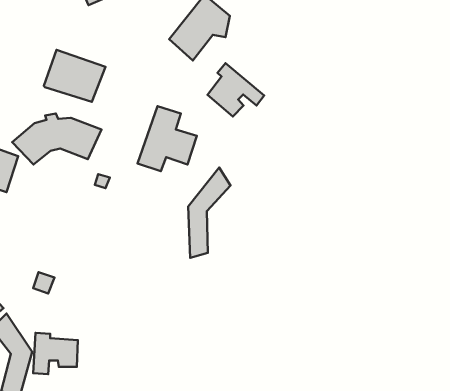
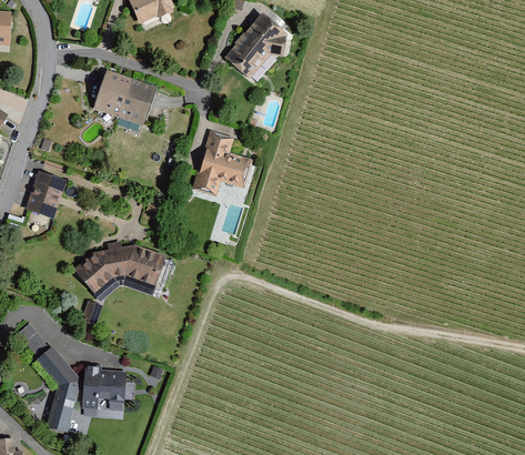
building: [207,63,264,116] -> none
building: [12,114,102,165] -> [73,241,166,294]
building: [188,167,230,258] -> none

